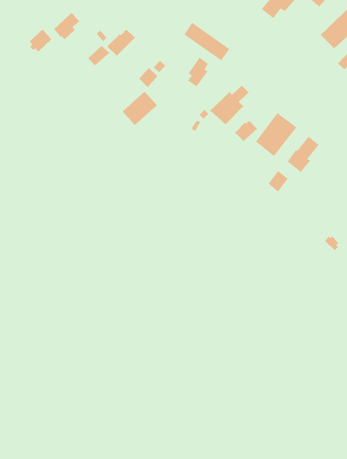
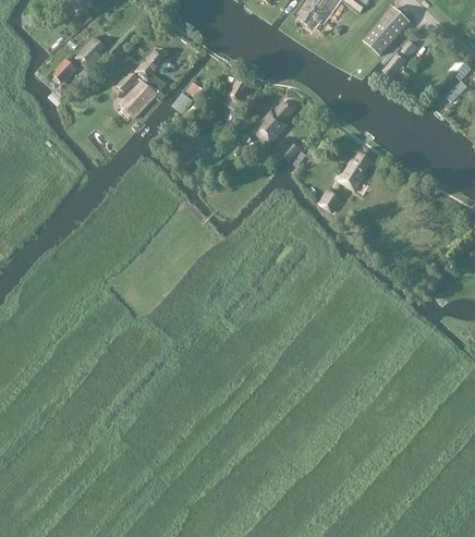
building: [184,22,230,61] -> none
building: [122,91,158,126] -> [121,80,159,118]
building: [255,112,297,157] -> none

